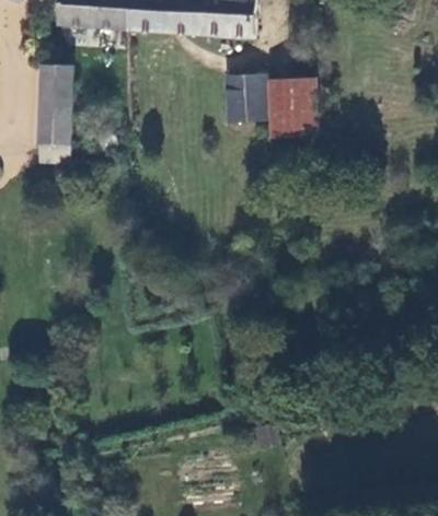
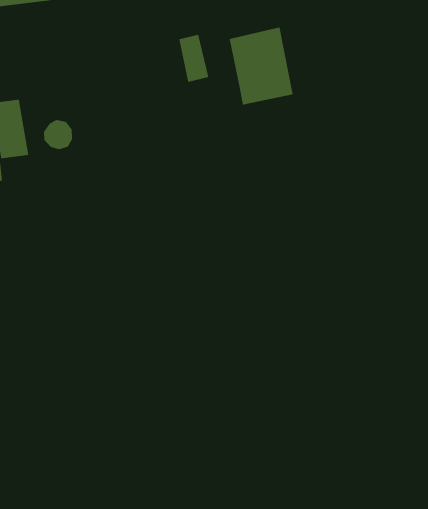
building: [240,75,264,125] -> none

